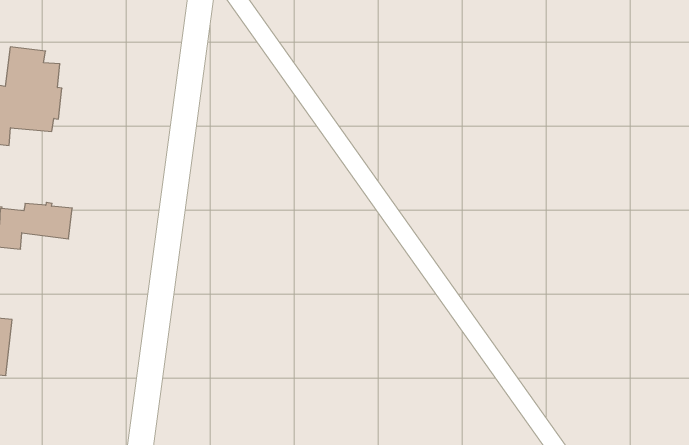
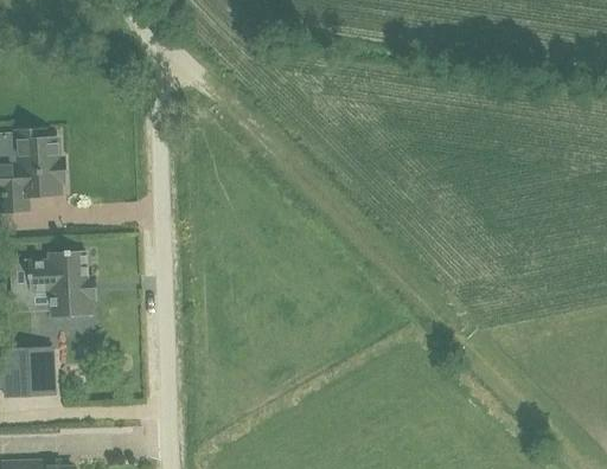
building: none -> [47,277,90,317]

